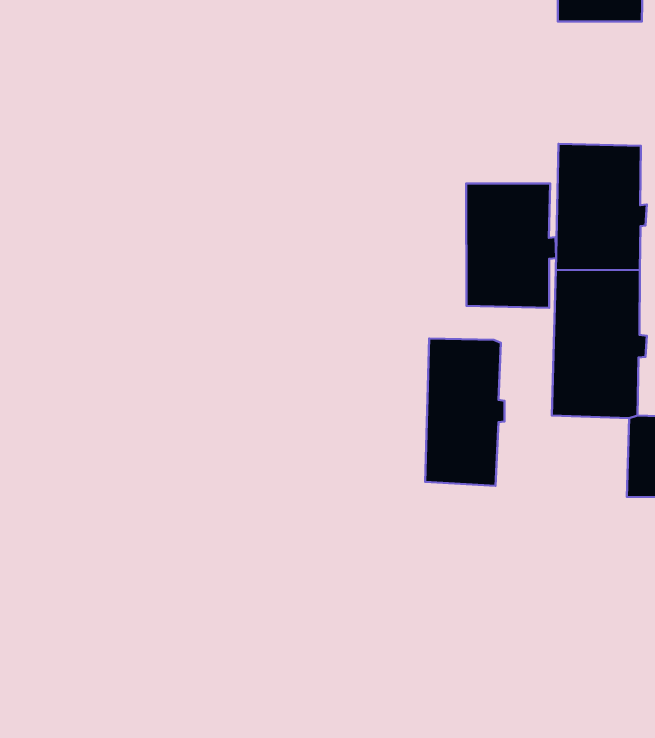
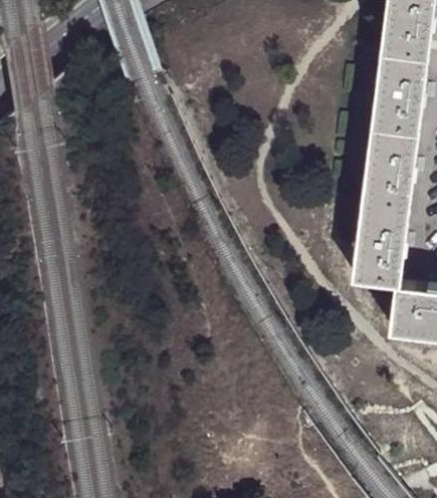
building: [466,184,556,308] -> [372,56,427,133]
building: [425,338,504,486] -> none

